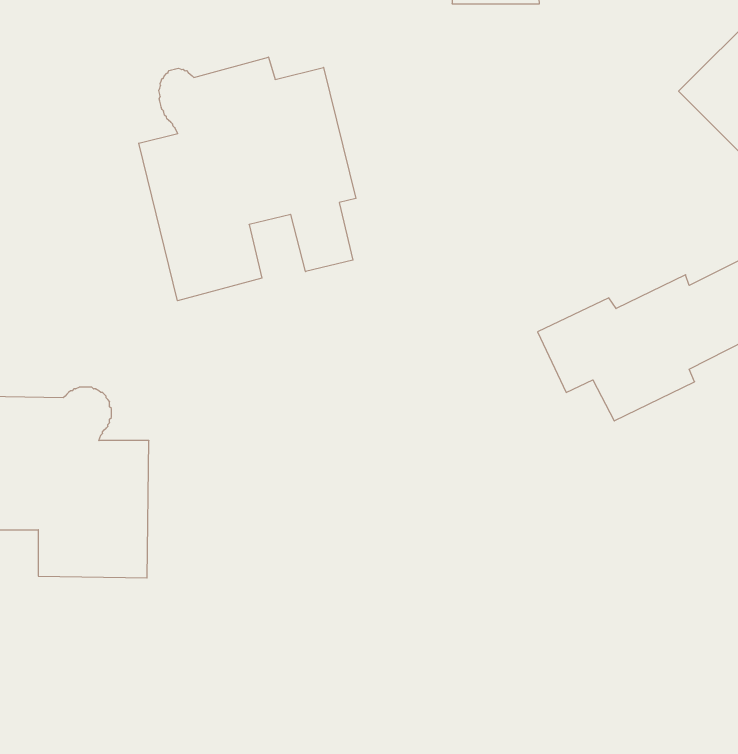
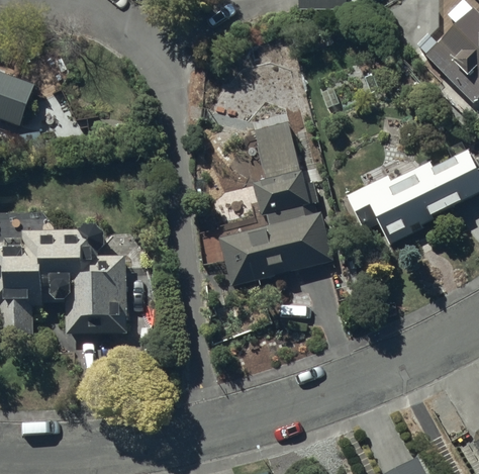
building: [139,57,356,301] -> none
building: none -> [220,121,332,282]

